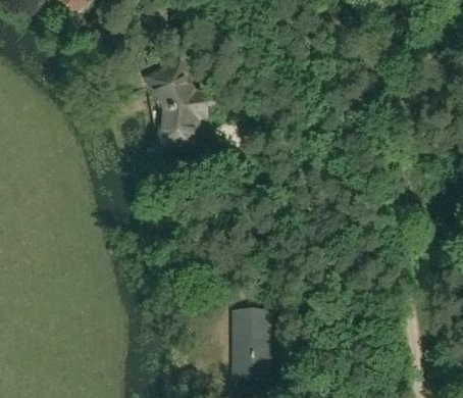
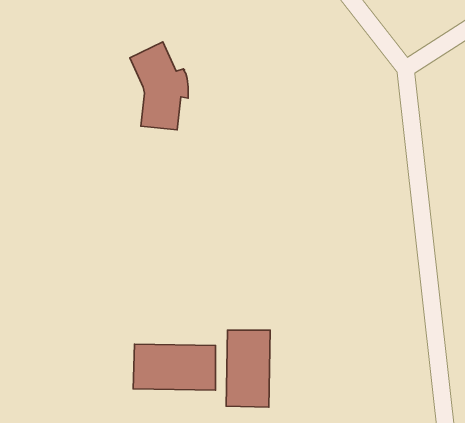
building: none -> [133,344,216,390]

